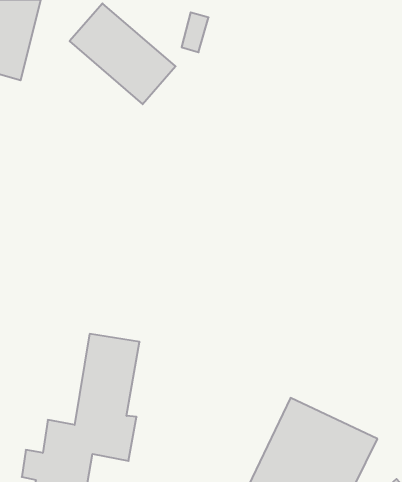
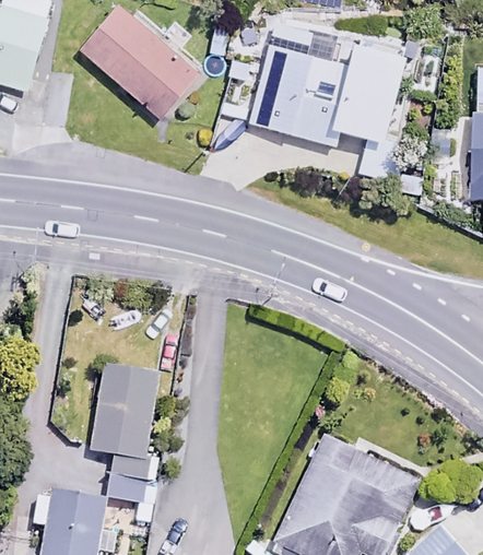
building: none -> [217,17,410,145]

